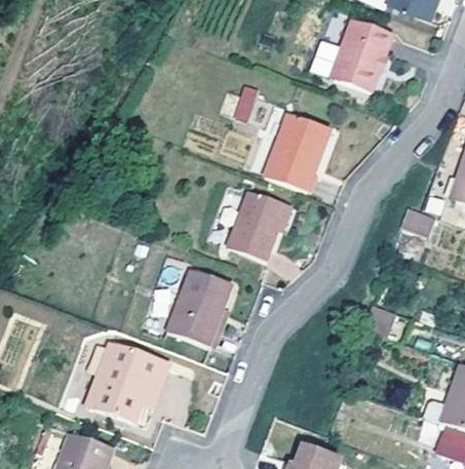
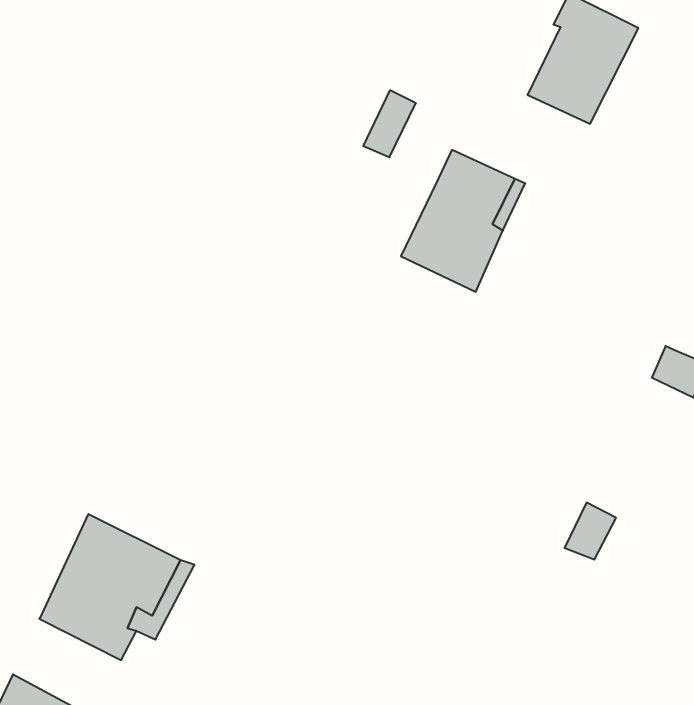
building: [230,191,287,260] -> none
building: [167,267,232,347] -> none

